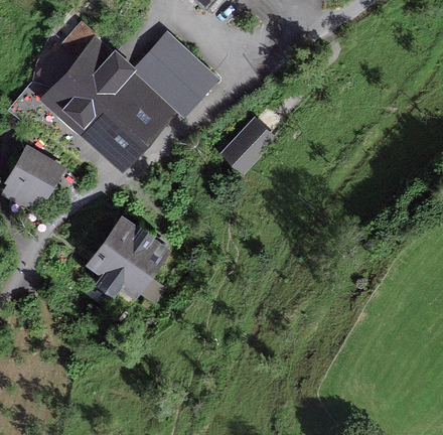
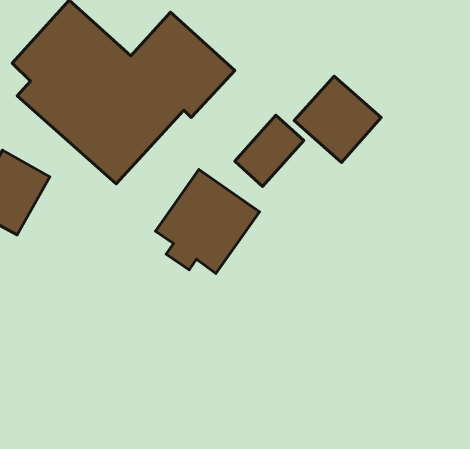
building: none -> [294,76,381,163]
building: [86,214,172,301] -> [155,170,259,274]

